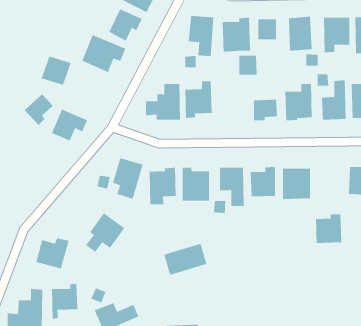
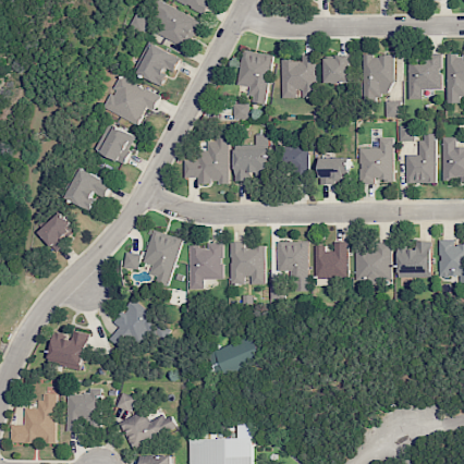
building: [238,55,258,75] -> [284,146,308,171]
building: [41,56,71,86] -> [97,124,135,161]
building: [24,94,53,126] -> [37,211,74,252]
building: [315,214,342,243] -> [398,241,431,278]

